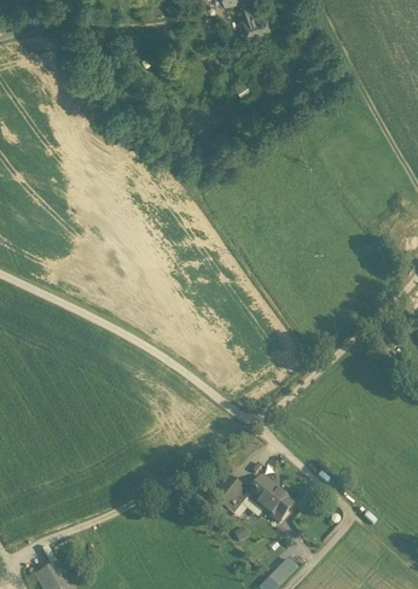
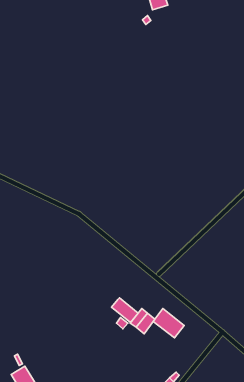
building: none -> [111,298,138,322]

